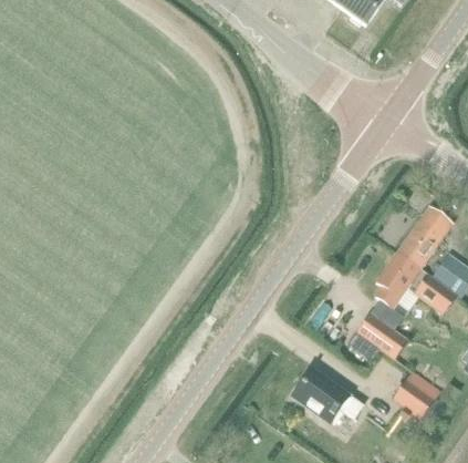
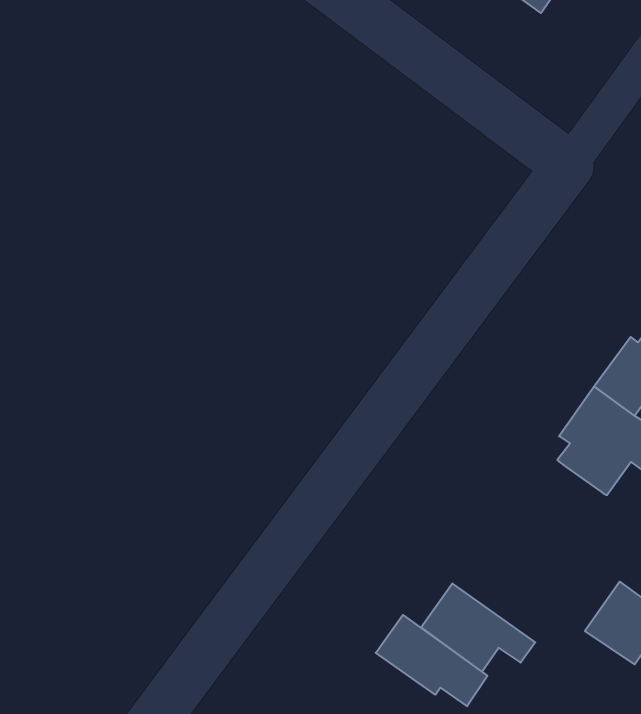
building: [347,299,406,359] -> none
building: none -> [376,615,487,706]

